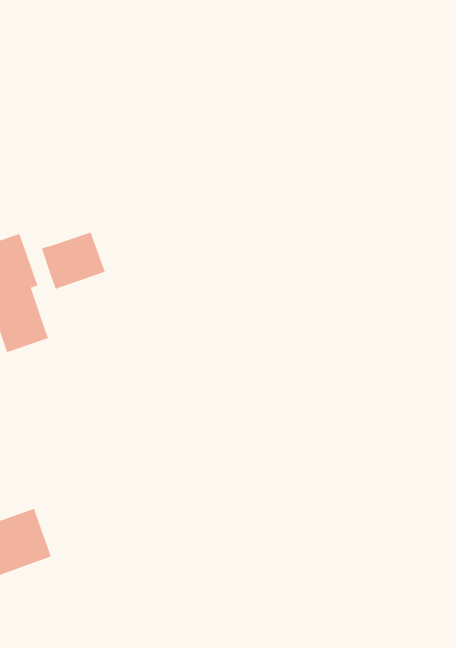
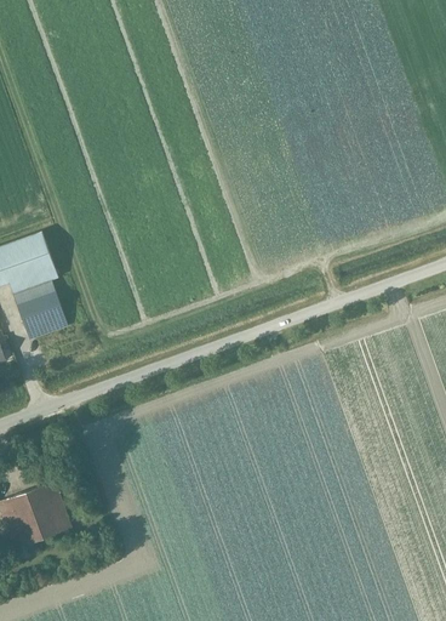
building: [41,232,106,290] -> none

